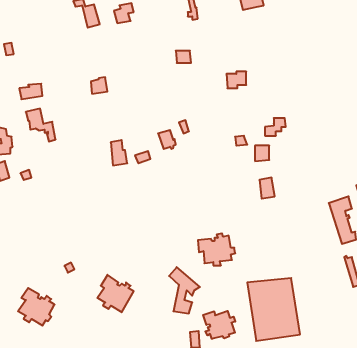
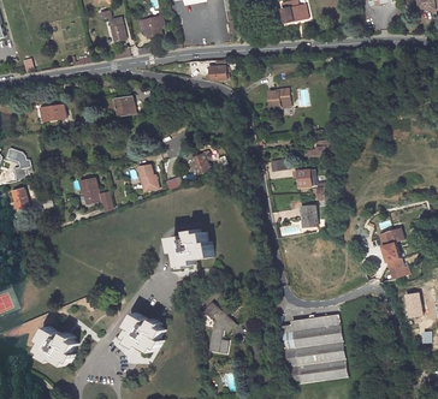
building: [26,109,56,142] -> [81,179,113,215]
building: [198,233,235,265] -> [172,230,213,264]
building: [203,311,235,339] -> none

